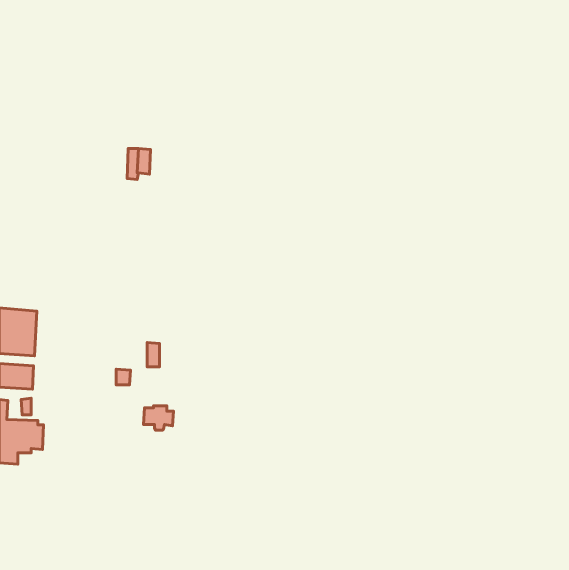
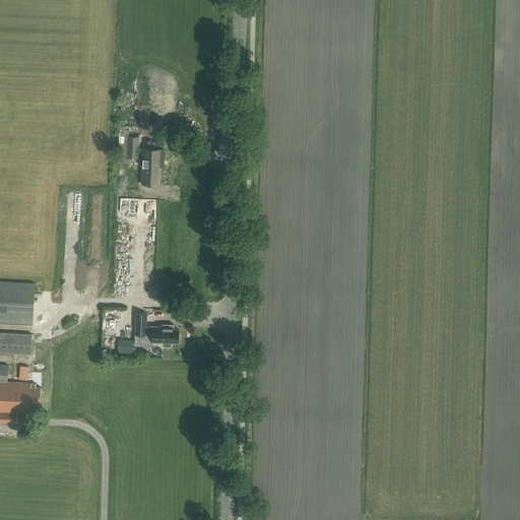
building: none -> [140,148,164,185]
building: [143,406,174,430] -> [150,324,178,346]

